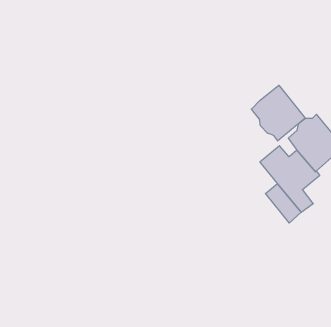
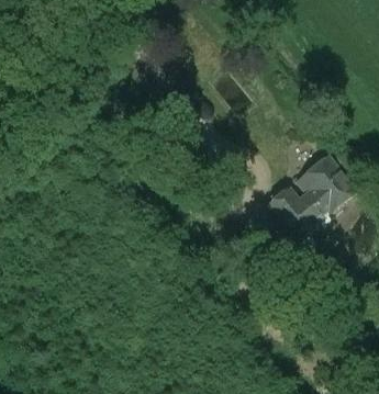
building: [251,85,305,141] -> none

